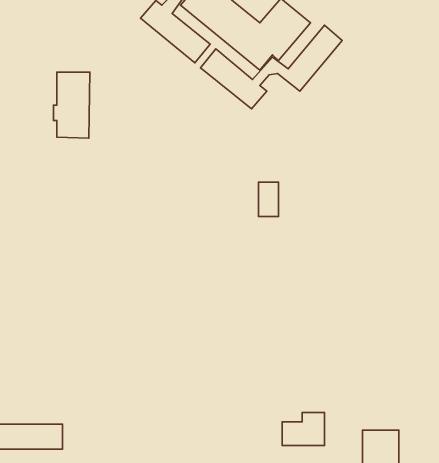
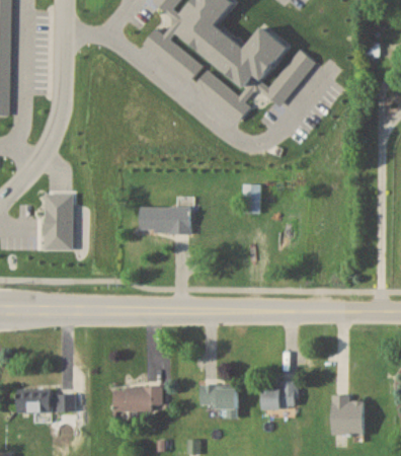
building: [53,72,90,138] -> [41,194,72,250]
building: none -> [140,206,191,233]
building: none -> [113,387,162,411]
building: none -> [202,387,238,419]

